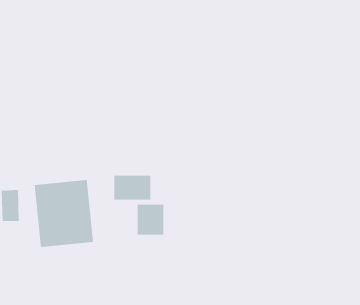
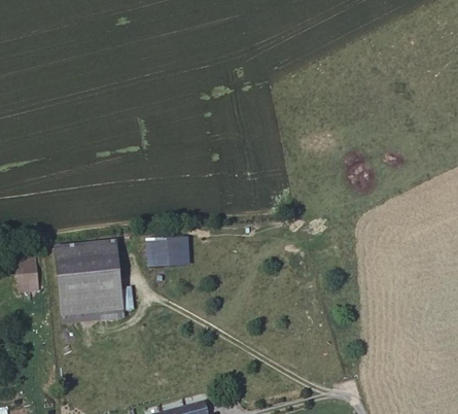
building: [137,204,164,236] -> none

